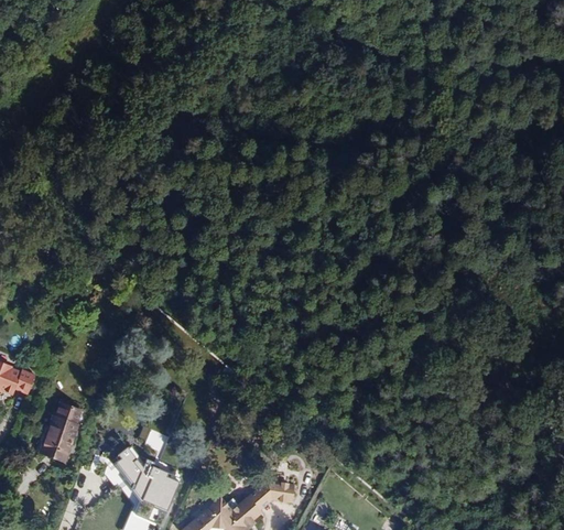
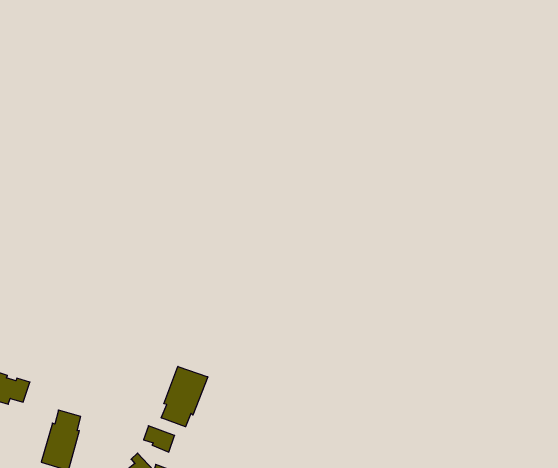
building: none -> [161,366,208,427]

